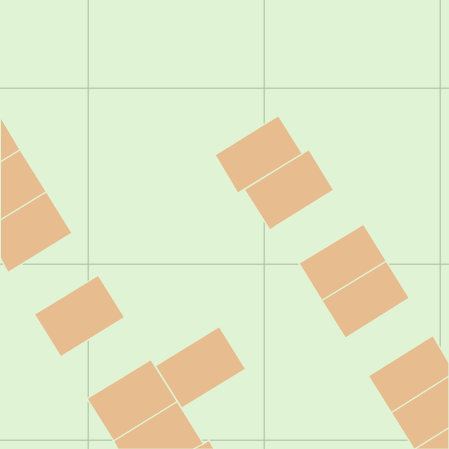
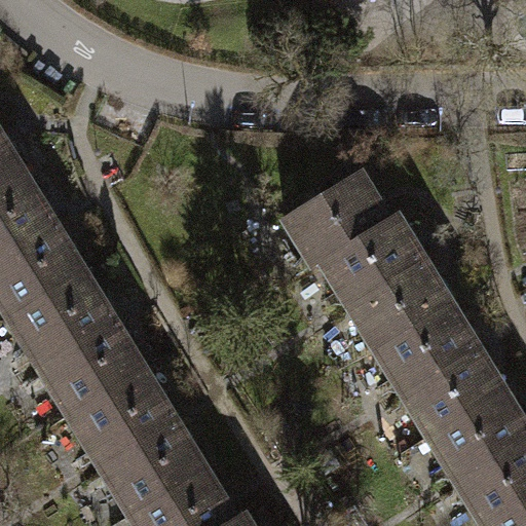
building: [215,116,303,193] -> [323,218,425,308]
building: none -> [9,272,115,368]
building: none -> [404,348,506,440]
building: [155,326,246,408] -> [71,371,177,466]

